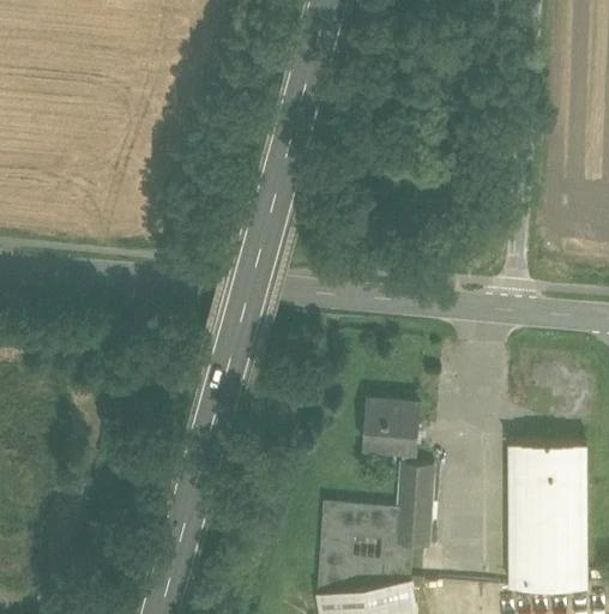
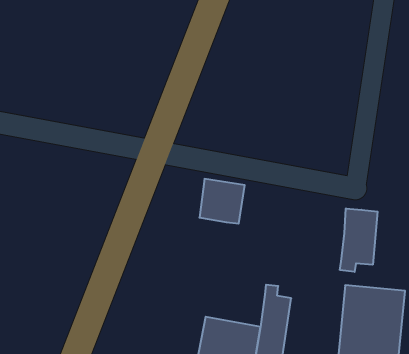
building: none -> [340,208,378,272]
building: [362,401,418,456] -> [199,179,245,224]

